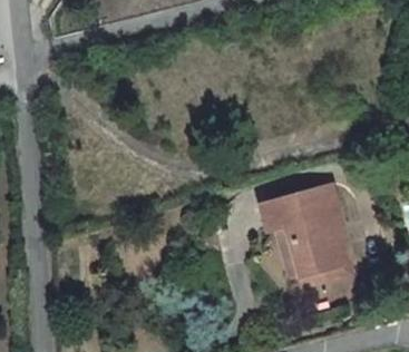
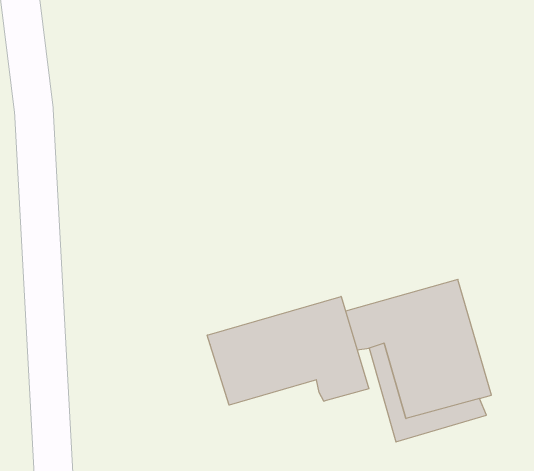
building: none -> [207,296,369,405]

